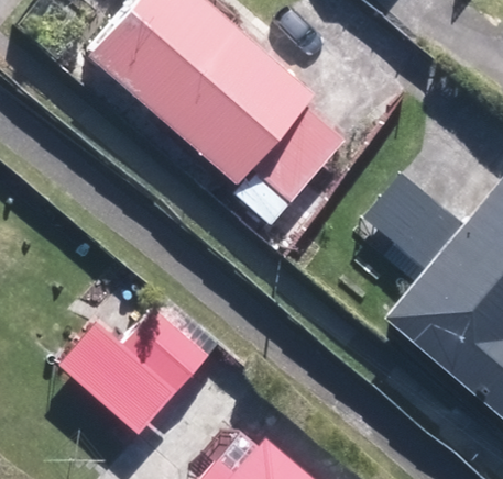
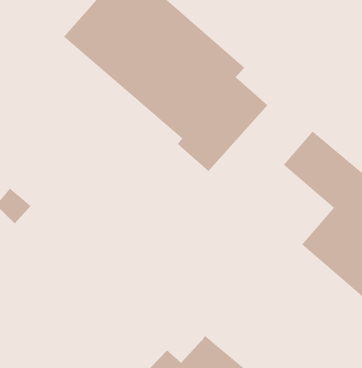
building: [55,305,207,431] -> none

